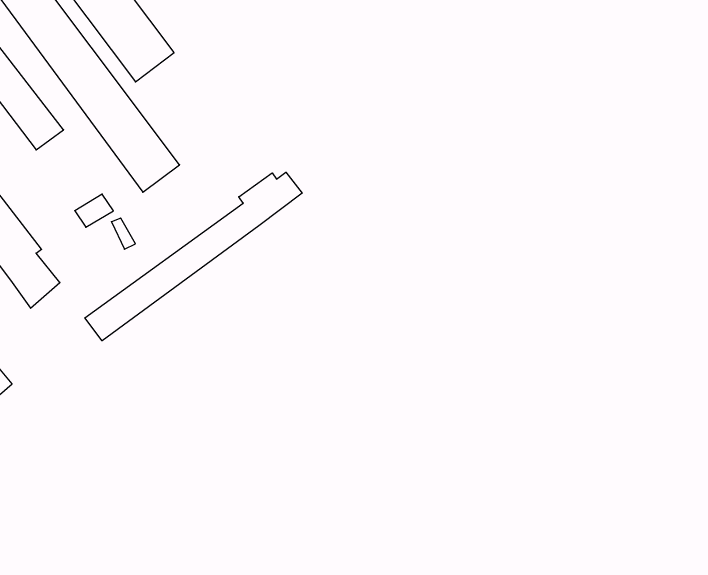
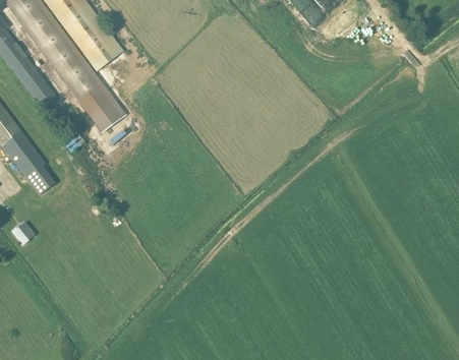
building: [85,172,302,341] -> none

